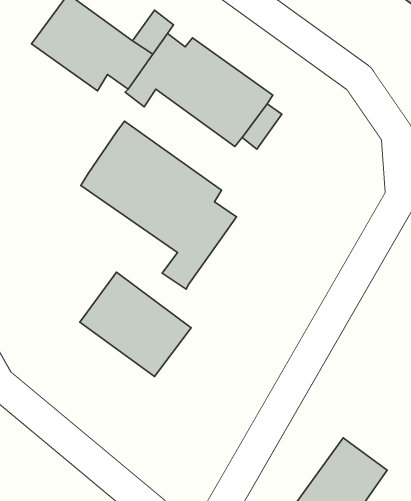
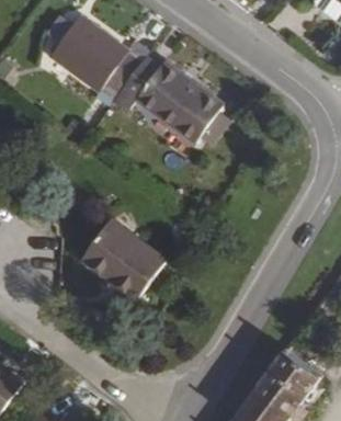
building: [81,121,236,289] -> none

